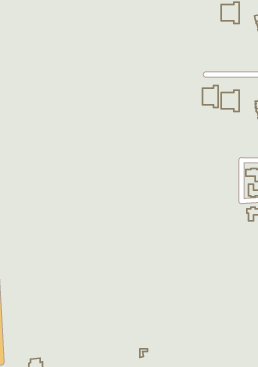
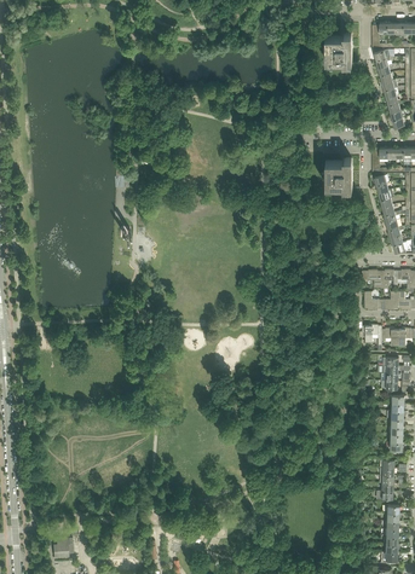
building: [202,86,218,108] -> none

